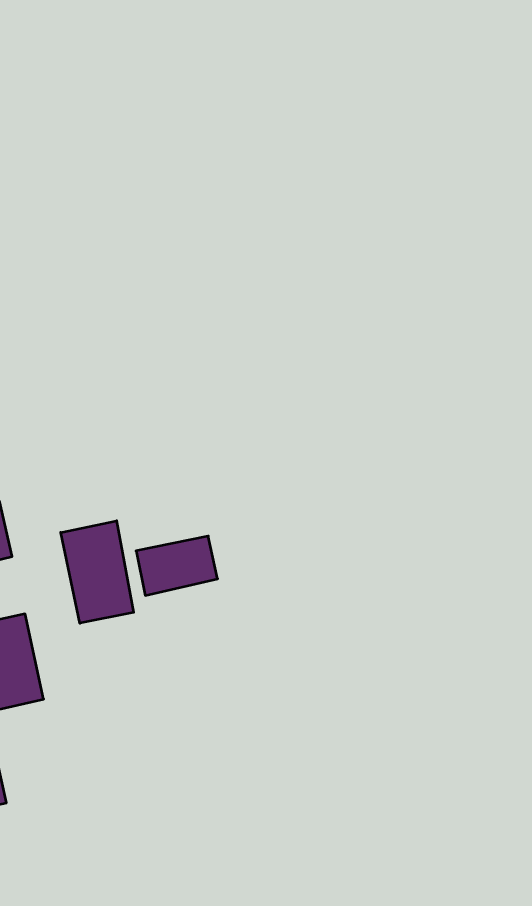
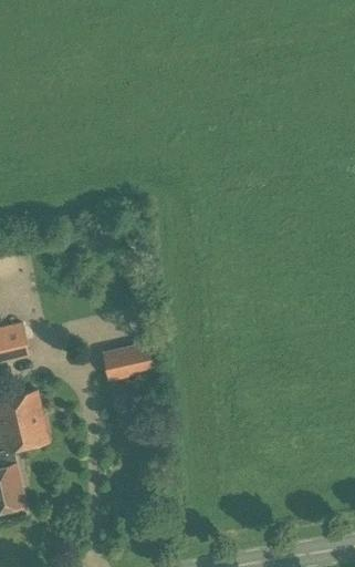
building: [61,521,134,623] -> none

